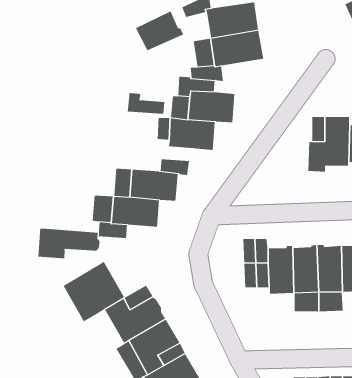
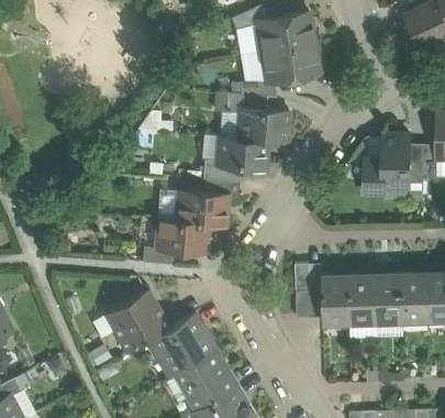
building: [135,11,184,51] -> none
building: [127,93,165,114] -> [202,158,243,182]
building: [38,228,100,259] -> none

